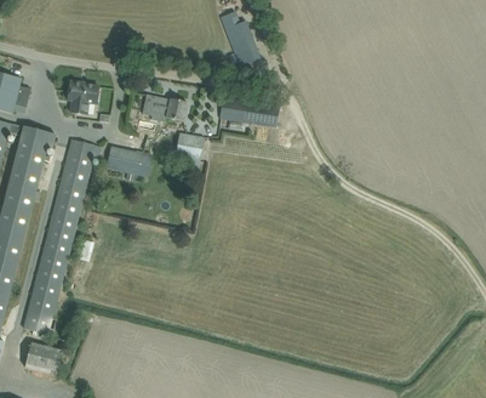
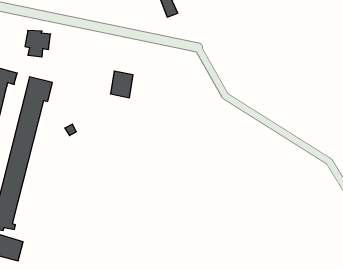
building: [219,97,279,127] -> none
building: [151,98,188,121] -> none
building: [105,146,151,177] -> none

